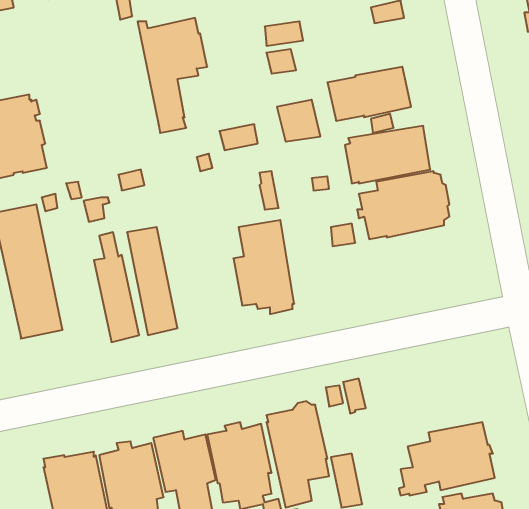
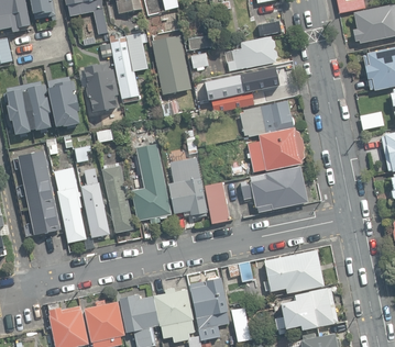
building: none -> [152,36,190,94]
building: none -> [228,36,277,70]
building: none -> [84,63,119,112]
building: none -> [47,77,80,127]
building: none -> [131,144,172,238]
building: none -> [241,166,308,212]
building: none -> [55,168,87,243]
building: none -> [205,182,230,223]
building: none -> [264,249,323,293]

